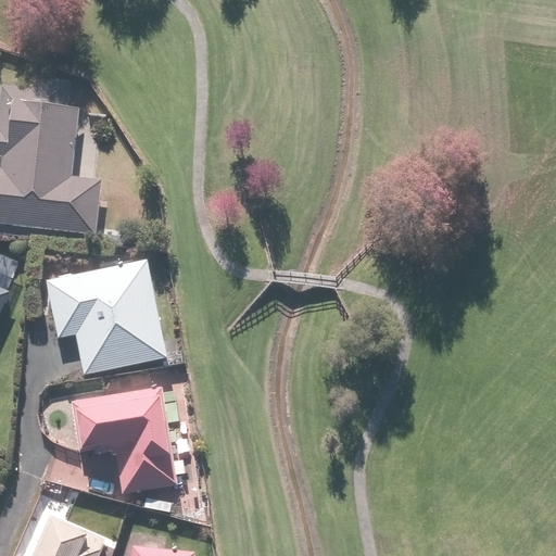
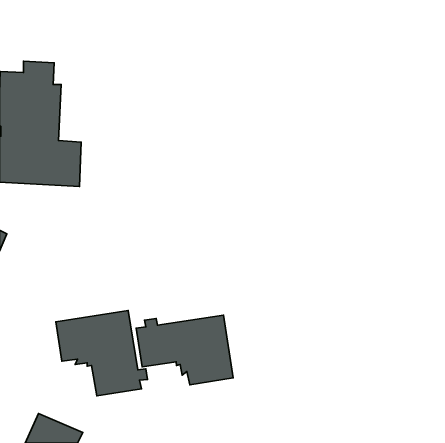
building: [45,260,165,375] -> none
building: none -> [136,315,233,385]

